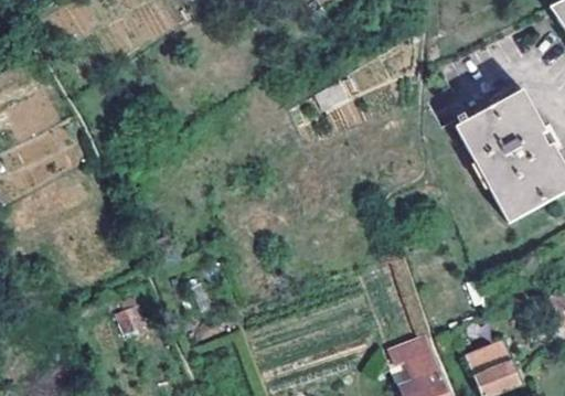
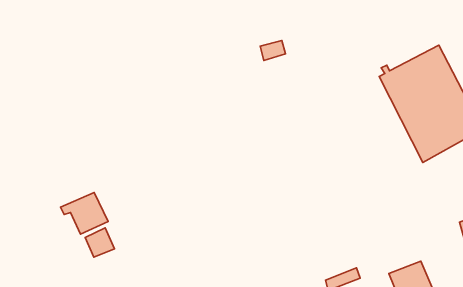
building: none -> [60,192,108,234]

